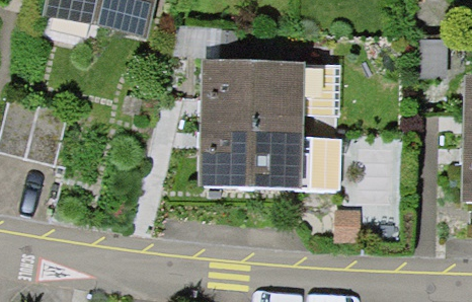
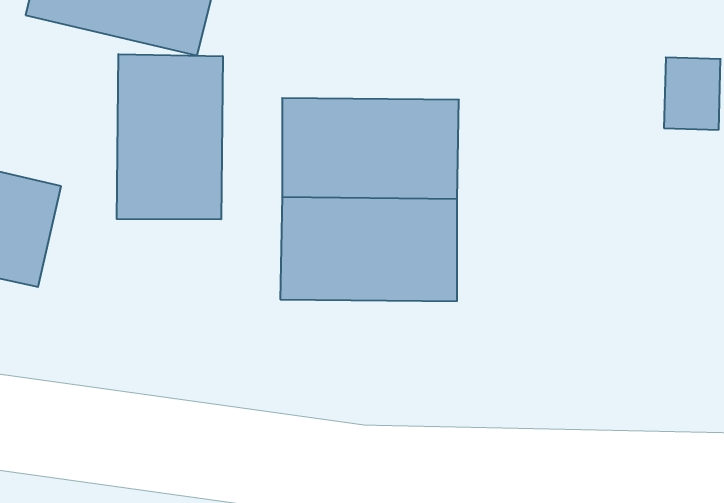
building: none -> [117,54,223,219]

